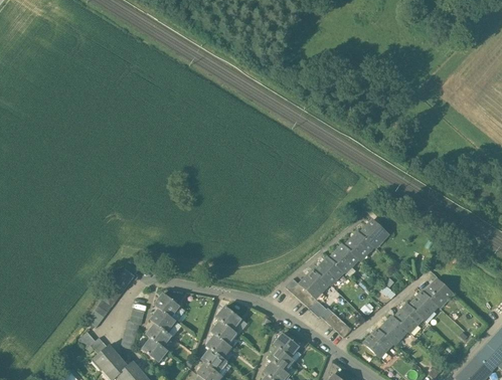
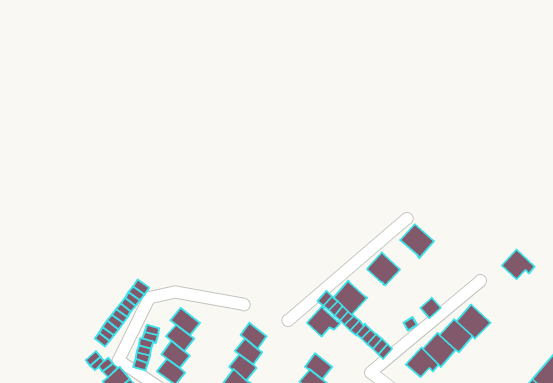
building: [344,232,373,258] -> none
building: [314,257,343,283] -> [307,307,340,336]
building: [424,278,453,305] -> [502,250,535,279]

